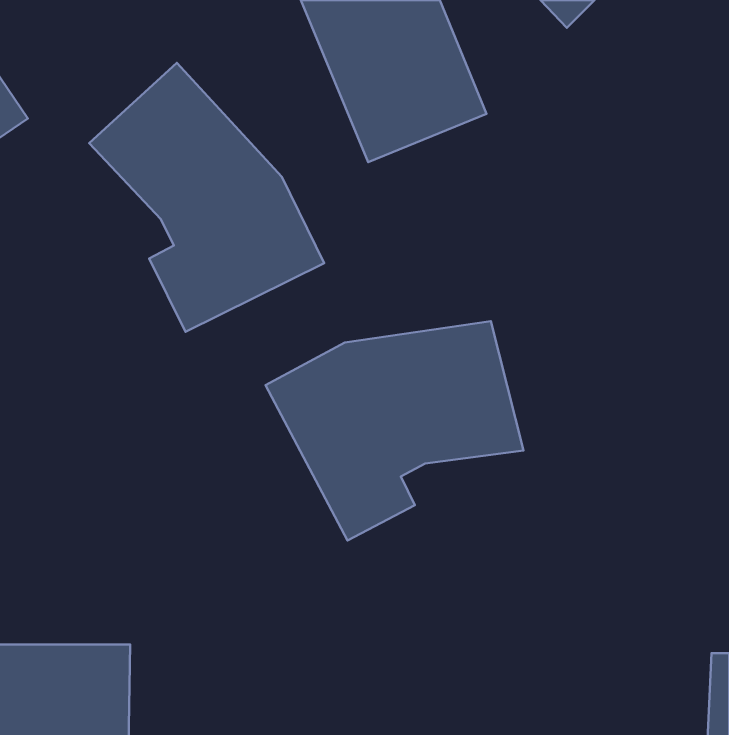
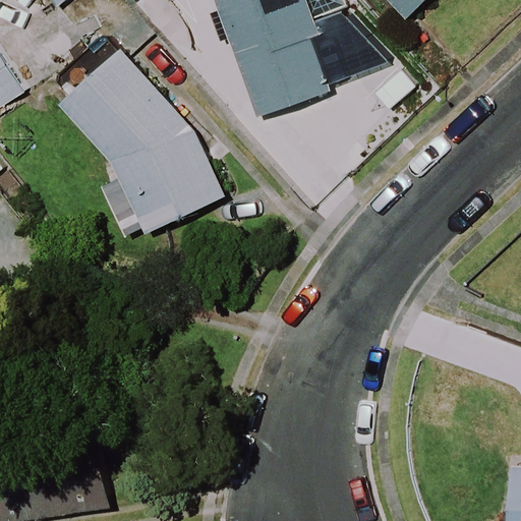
building: [266,321,524,541] -> none

